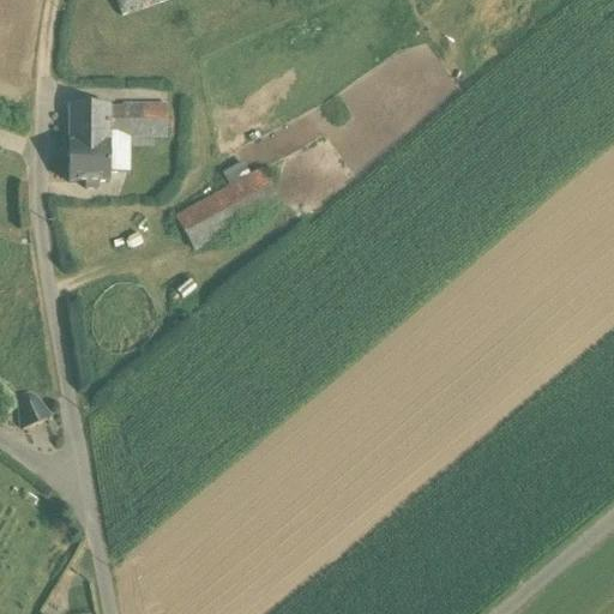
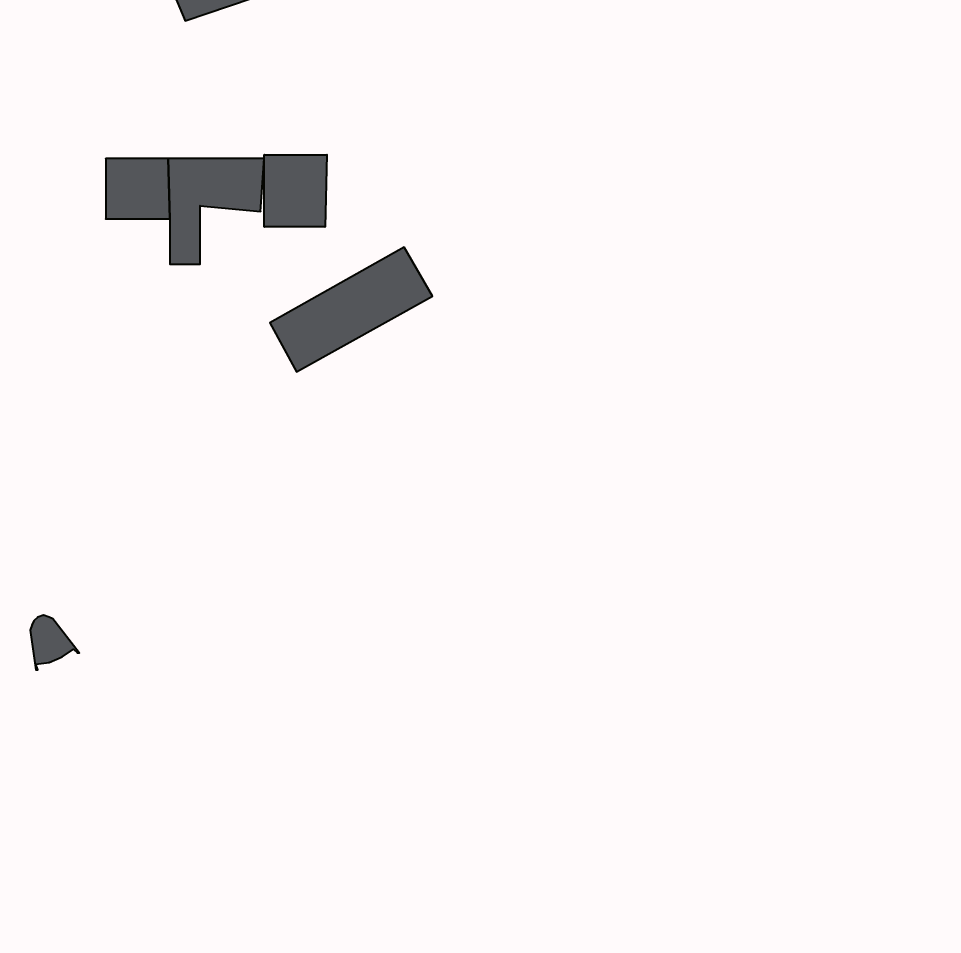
building: none -> [264,155,327,227]
building: [68,139,110,185] -> none

